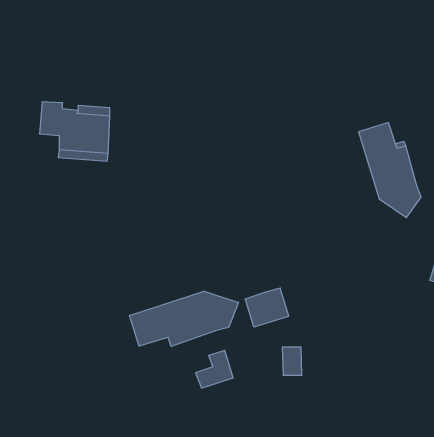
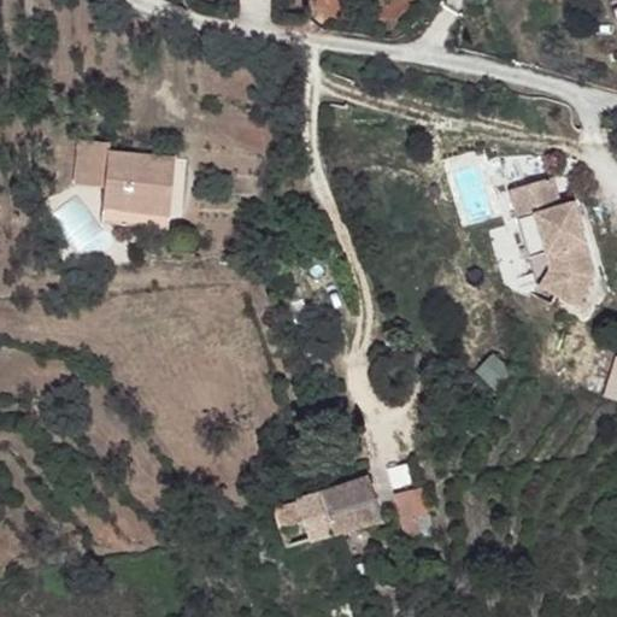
building: [245,288,289,327] -> [322,477,383,531]
building: [129,291,238,346] -> none

